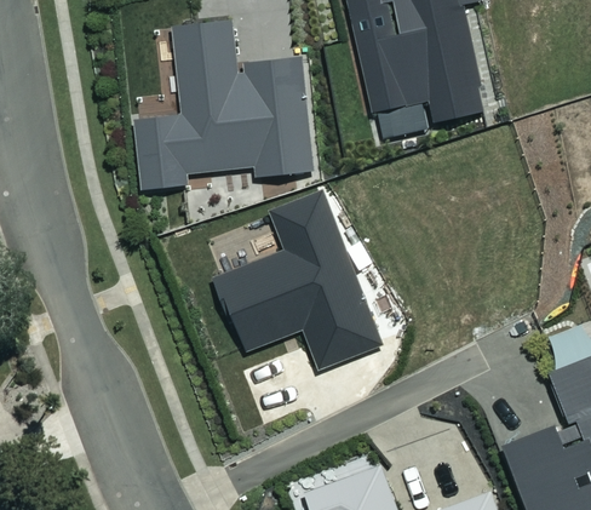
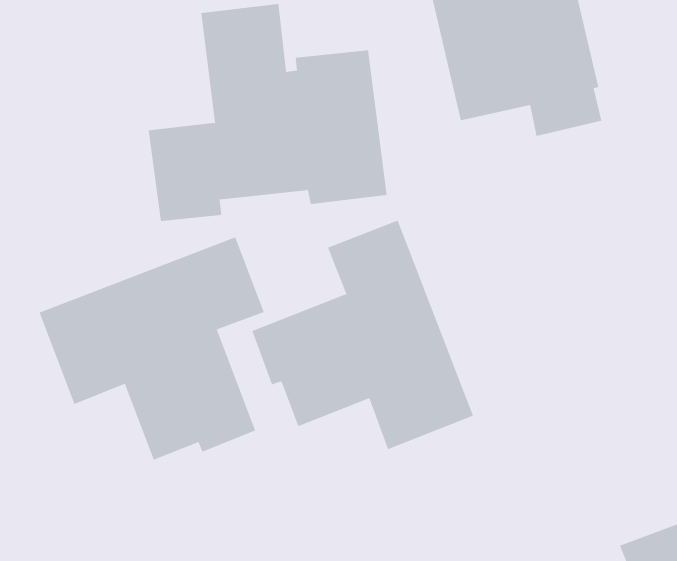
building: none -> [39,236,265,460]

